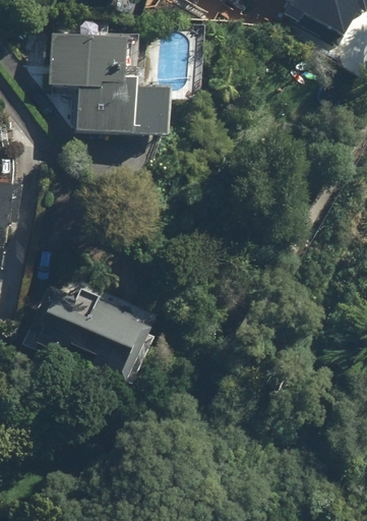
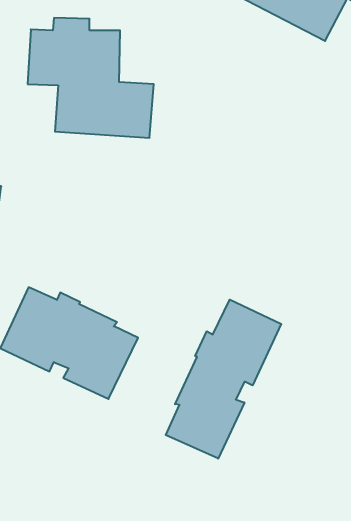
building: none -> [166,300,281,459]

